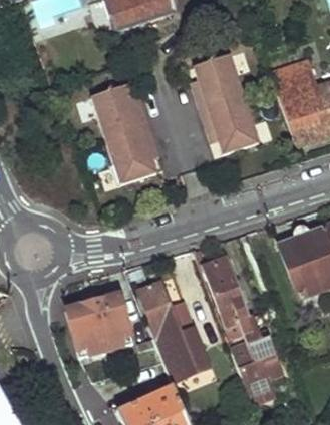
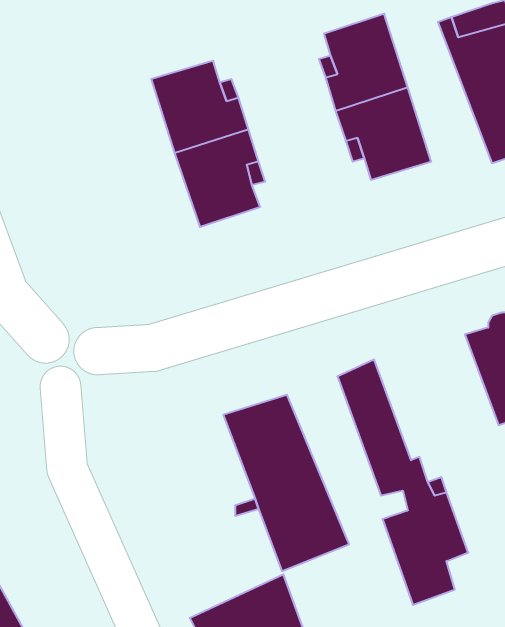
building: [66,296,134,364] -> none

